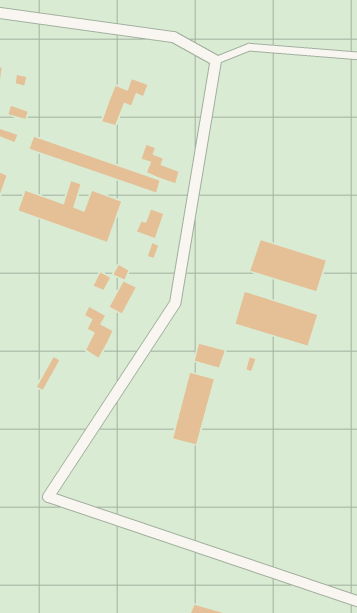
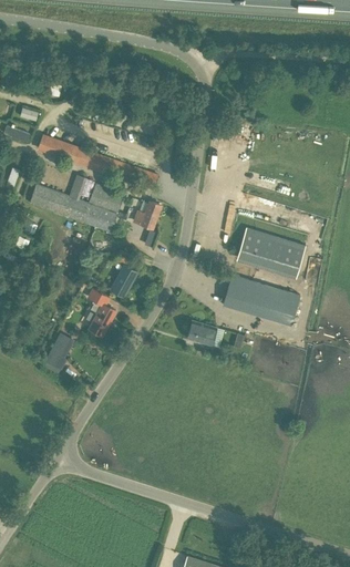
building: [101,78,149,126] -> none
building: [141,144,179,184] -> none
building: [172,372,215,445] -> none

